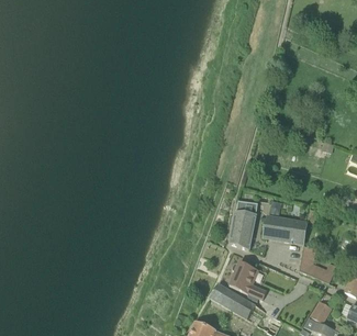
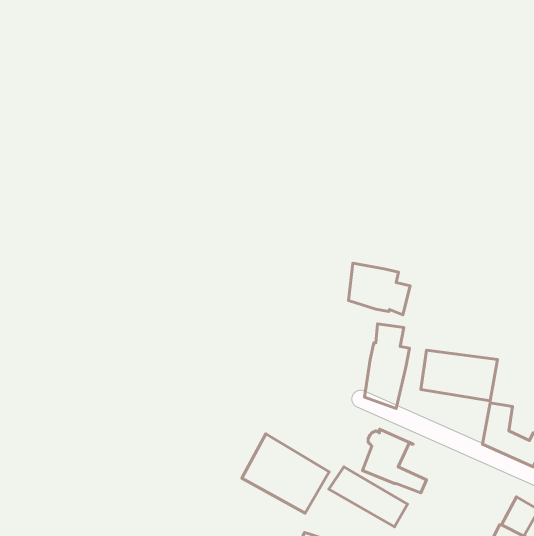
building: none -> [348,263,410,315]
building: none -> [242,434,329,513]

